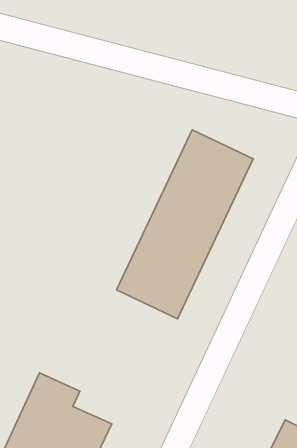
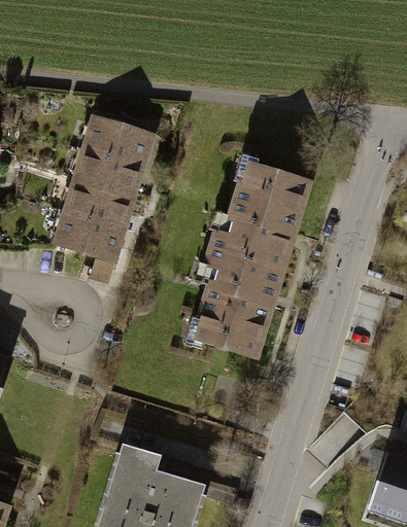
building: none -> [58,119,152,269]

